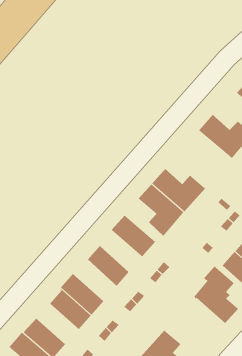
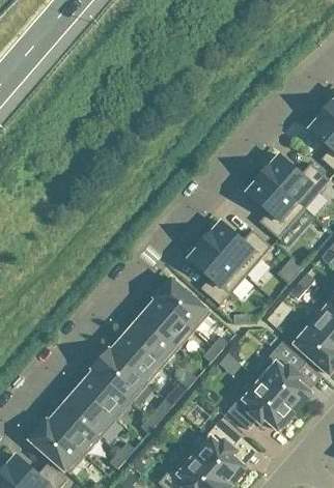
building: none -> [246,174,303,237]
building: none -> [141,296,193,348]
building: none -> [108,333,162,383]
building: none -> [226,380,295,430]
building: none -> [63,386,115,436]

